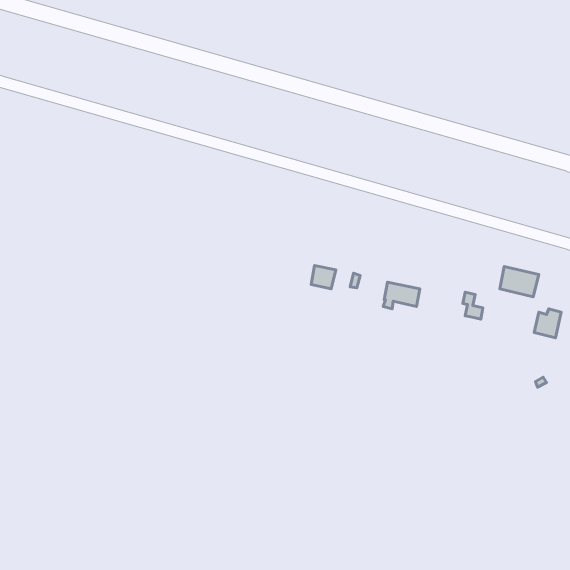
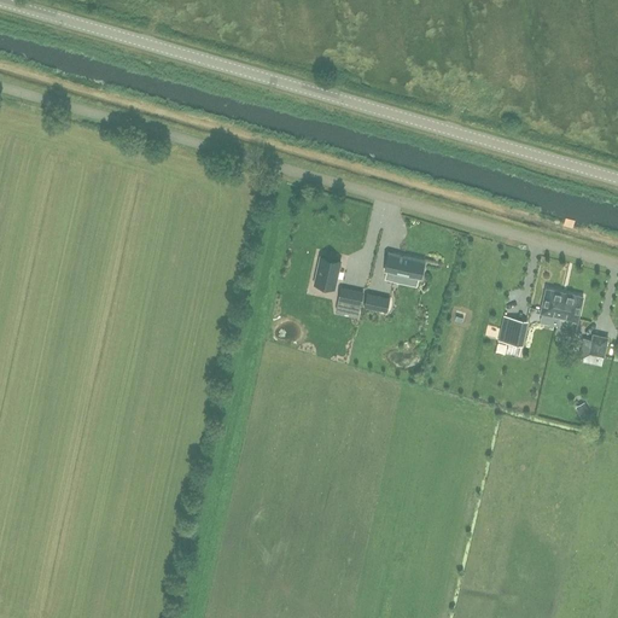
building: none -> [315,256,340,288]
building: [383,282,420,309] -> [384,252,424,281]

